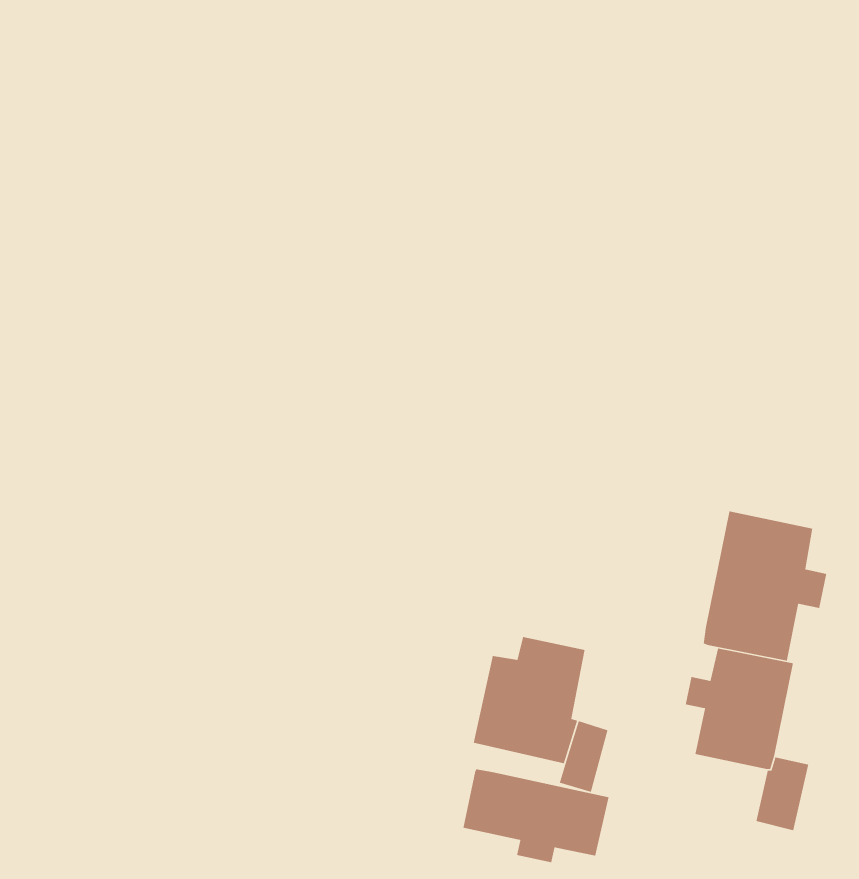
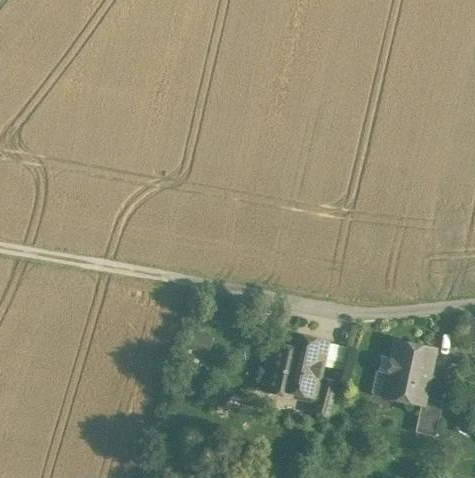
building: [703,511,827,661] -> none
building: [463,769,609,863] -> none

